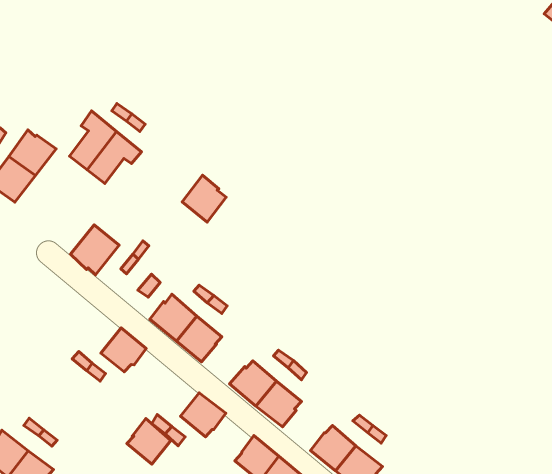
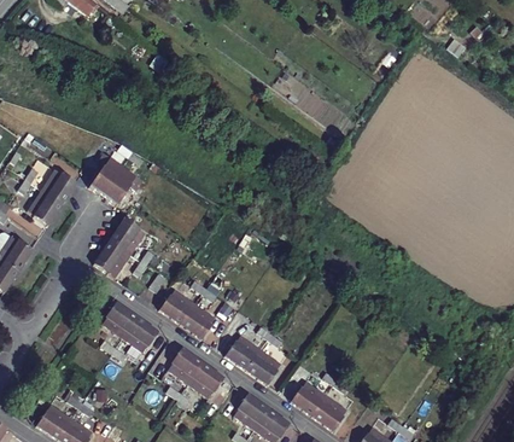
building: [182,175,226,222] -> [111,217,145,254]
building: none -> [103,302,138,338]
building: [127,418,171,464] -> [168,348,201,383]

